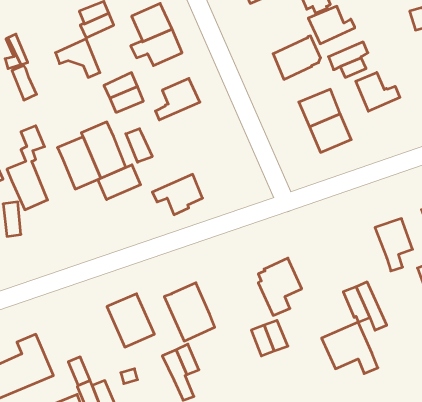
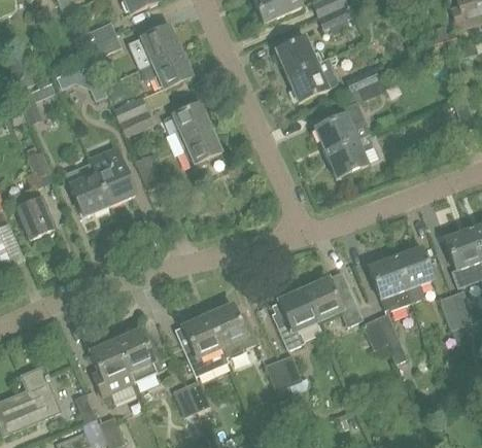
building: [308,6,355,44] -> [276,36,324,75]
building: [356,72,400,111] -> none
building: [98,165,141,200] -> none
building: [152,174,203,215] -> [170,126,222,168]
building: none -> [368,256,411,310]
building: none -> [208,303,257,355]
building: none -> [91,339,134,398]
building: [322,322,378,374] -> [304,272,363,325]

